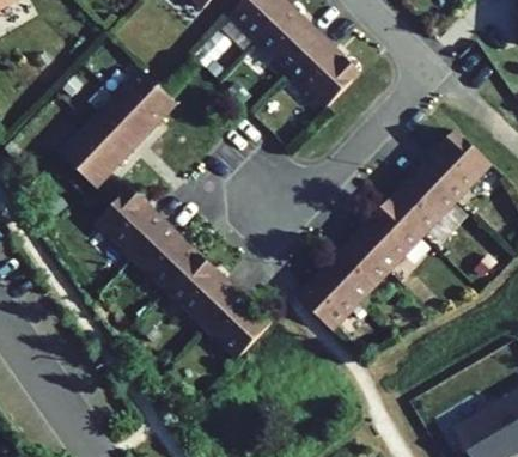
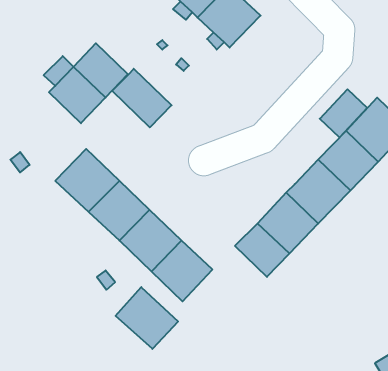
building: [291,38,360,109] -> none
building: none -> [112,69,172,127]
building: none -> [320,89,367,138]
building: [61,124,124,188] -> none
building: none -> [116,287,178,349]

